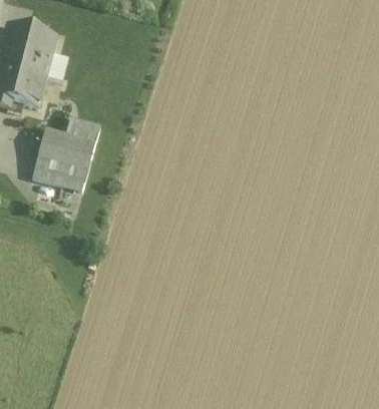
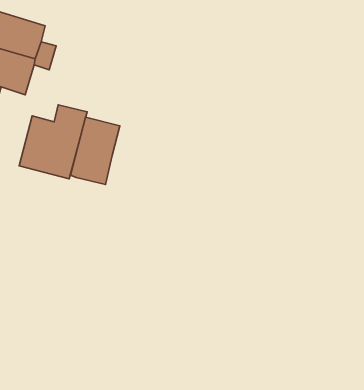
building: none -> [71,117,120,185]

